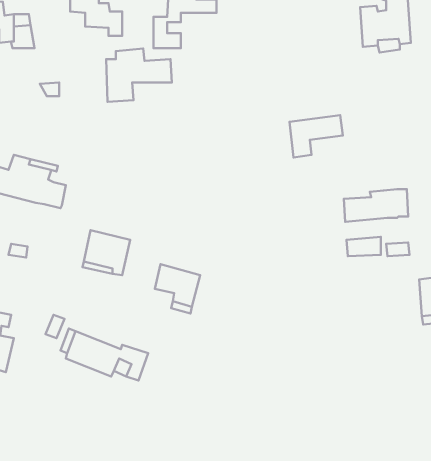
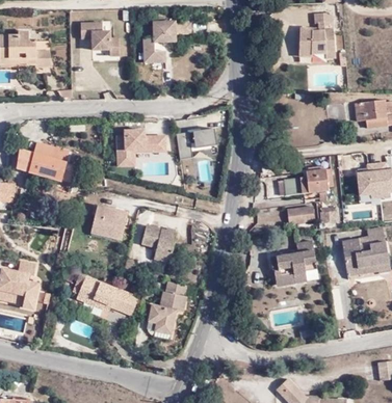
building: [106,48,172,102] -> [117,127,167,167]
building: [289,115,343,158] -> [178,129,218,161]
building: none -> [271,237,317,278]
building: none -> [147,281,186,335]

